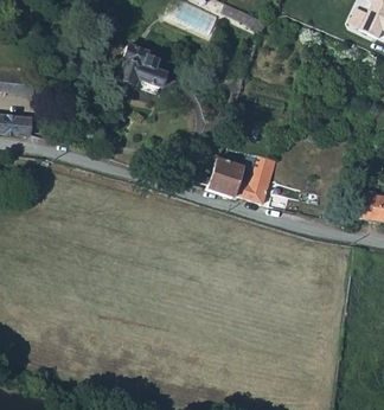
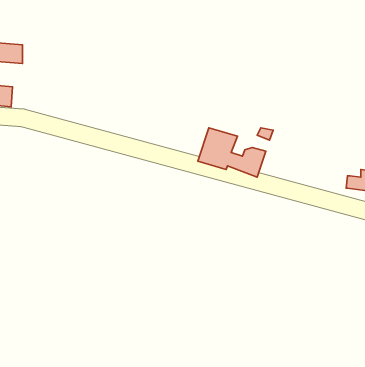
building: [117,45,166,88] -> none

